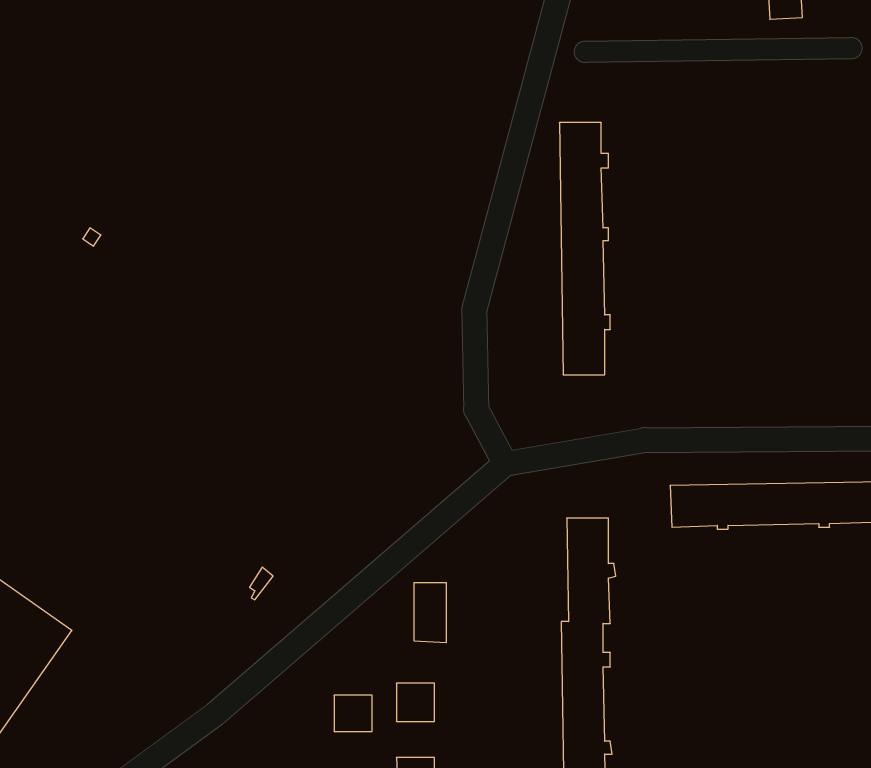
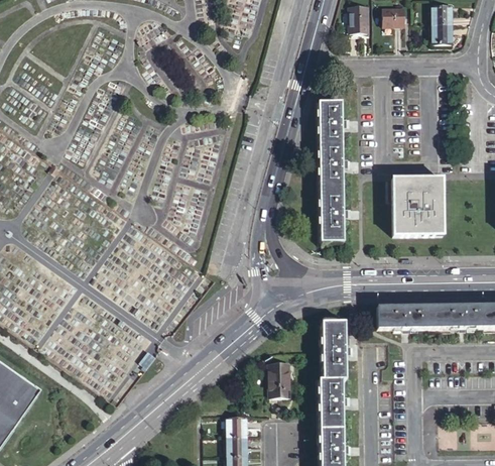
building: none -> [391,178,443,236]
building: [414,583,446,643] -> [275,359,293,392]
building: [334,695,372,731] -> [227,435,248,455]

